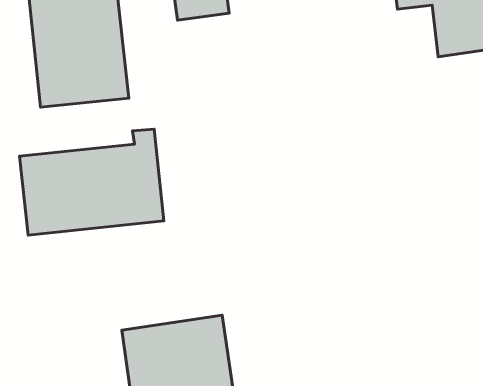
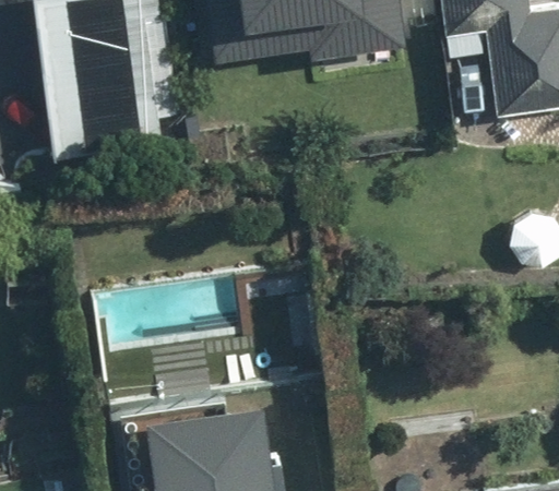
building: [19,129,164,235] -> none

